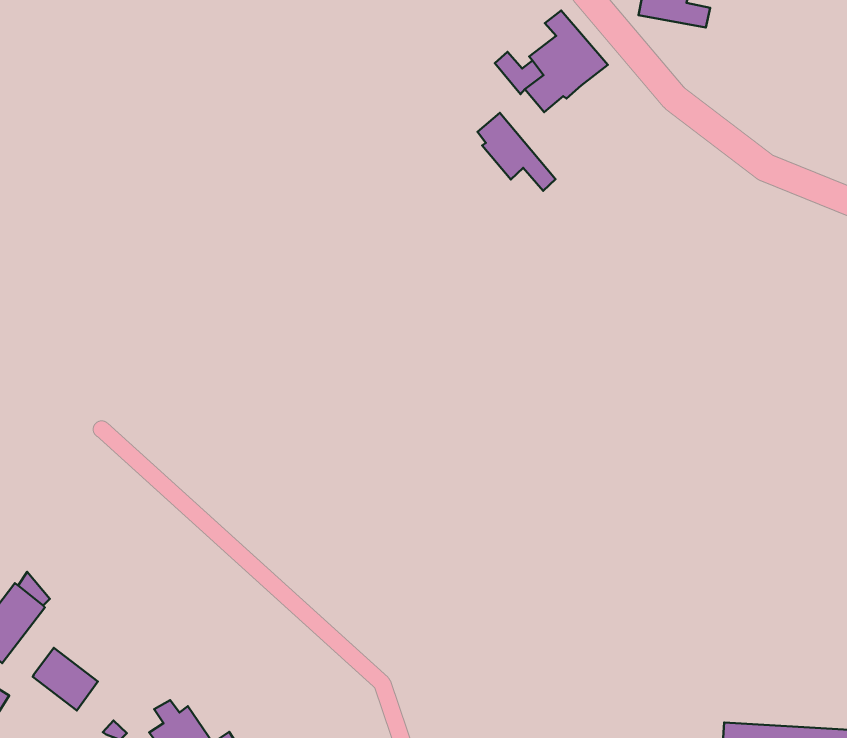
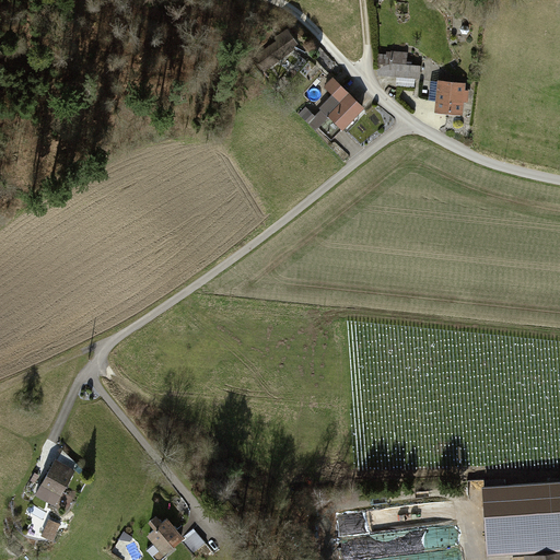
building: none -> [434,81,470,116]
building: [477,113,556,191] -> none
building: [33,648,98,710] -> none

